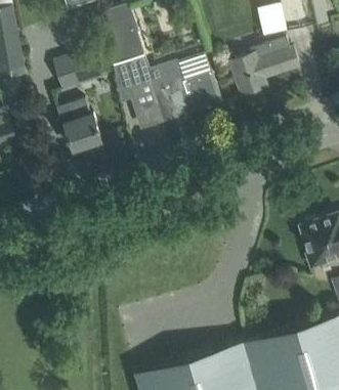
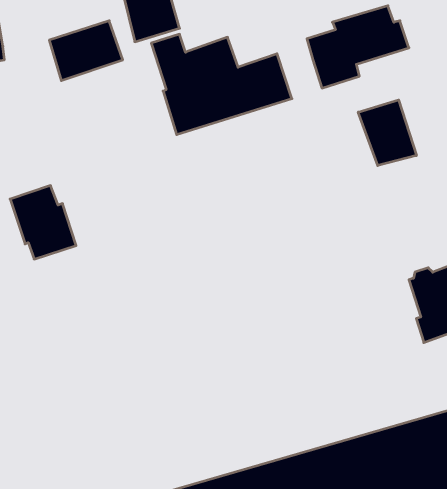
building: [57,99,102,149] -> [10,186,76,259]
building: none -> [358,100,416,166]

